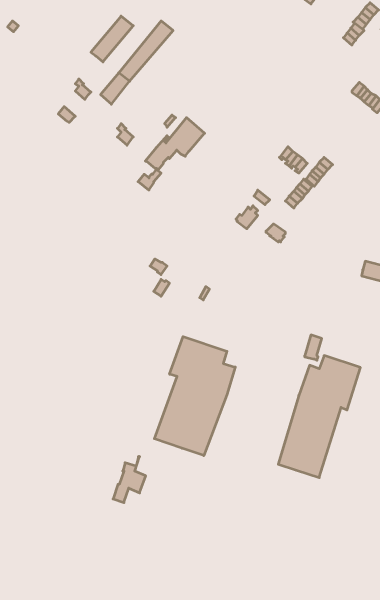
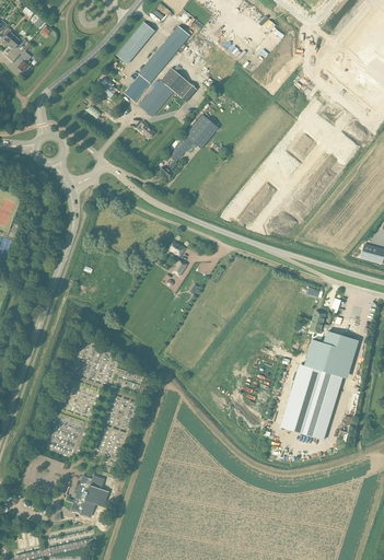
building: none -> [139,68,196,116]
building: [154,337,235,456] -> none
building: [113,457,146,503] -> [71,471,101,513]

